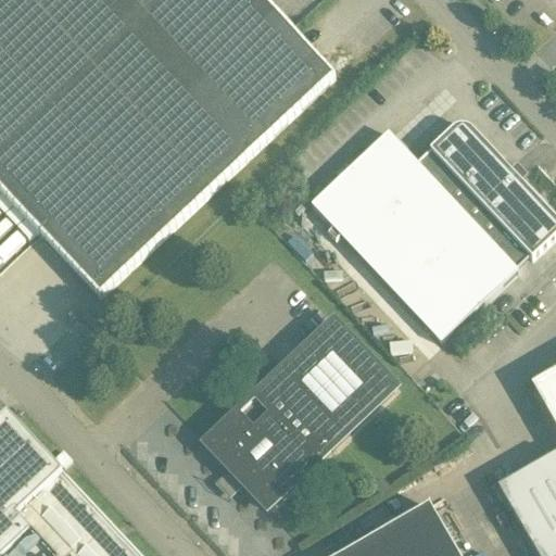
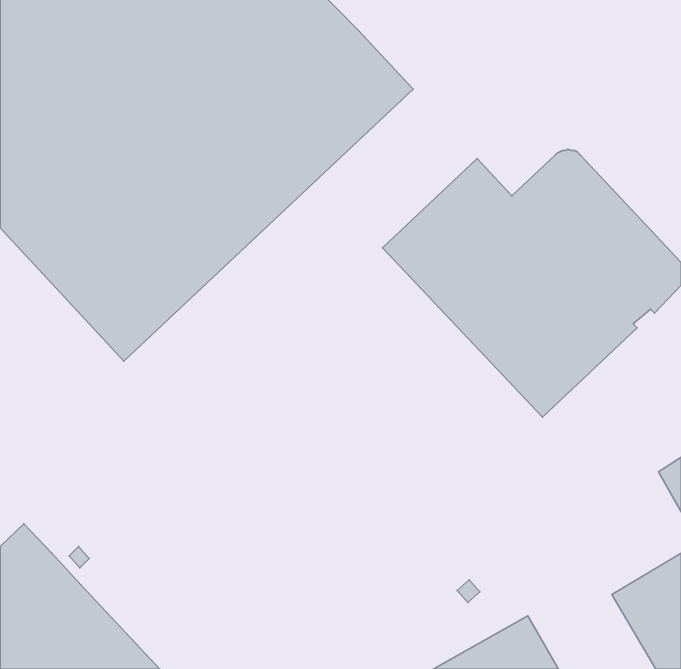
building: [207,319,395,505] -> none

